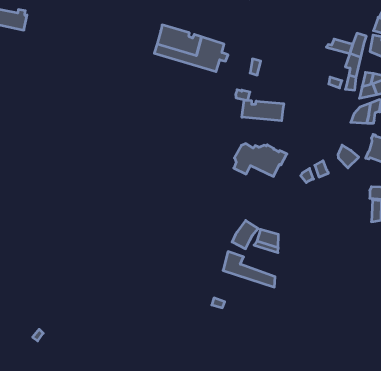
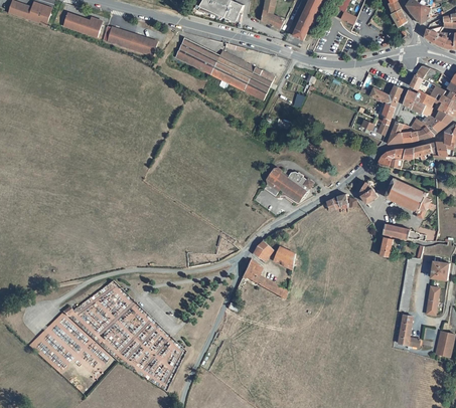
building: none -> [105,24,159,55]
building: none -> [174,37,219,74]
building: [242,100,284,121] -> none

